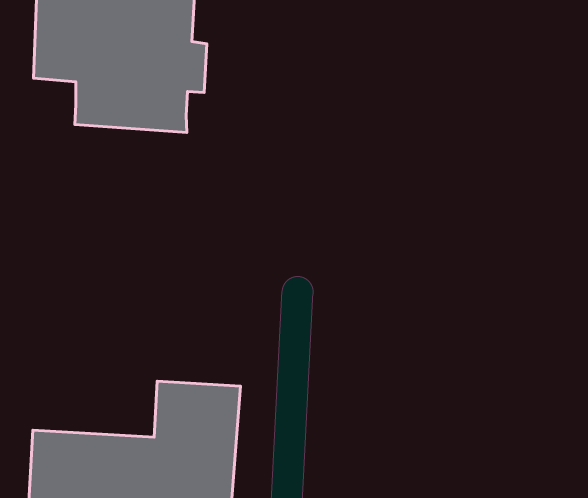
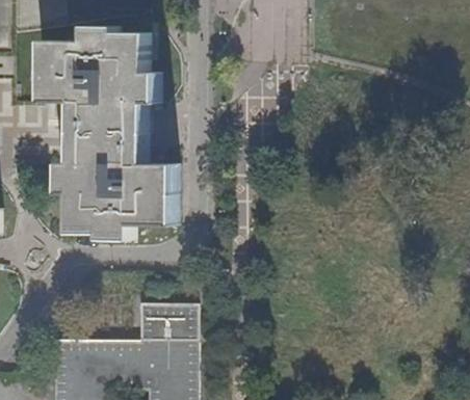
building: none -> [56,129,172,239]

